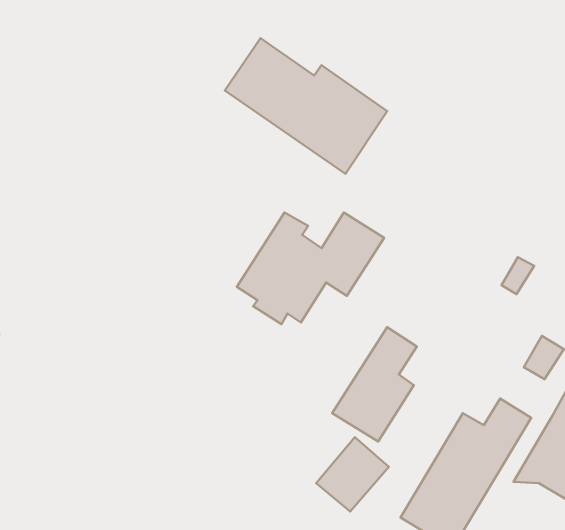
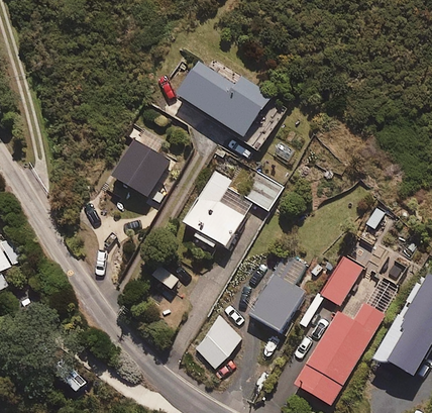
building: none -> [111,128,171,196]
building: none -> [320,254,363,306]
building: [316,437,389,511] -> [193,317,242,368]

